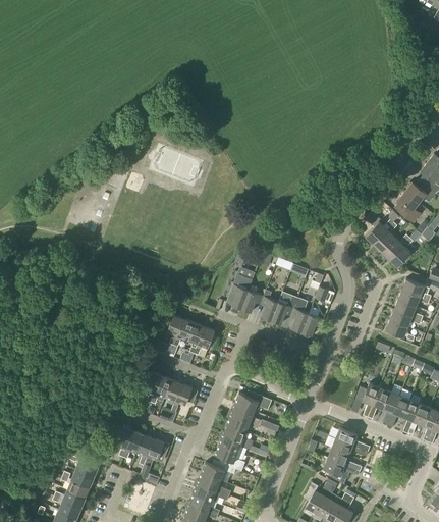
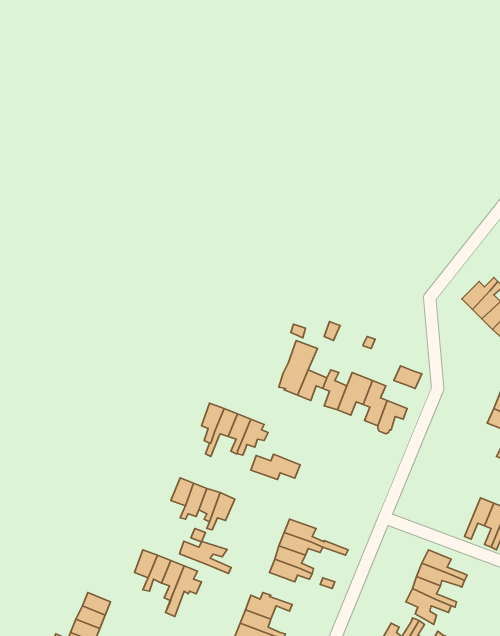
building: [355,383,380,417] -> none
building: [234,392,272,411] -> [251,454,300,479]
building: none -> [179,541,231,574]
building: [215,445,245,471] -> none

